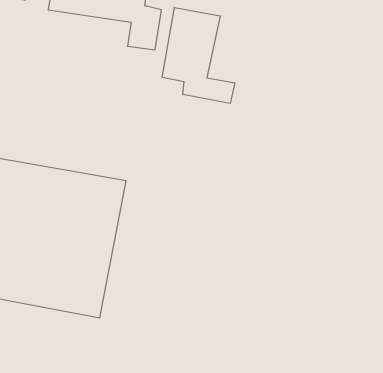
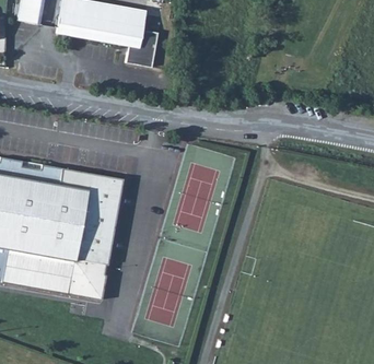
building: [162,7,235,103] -> none

